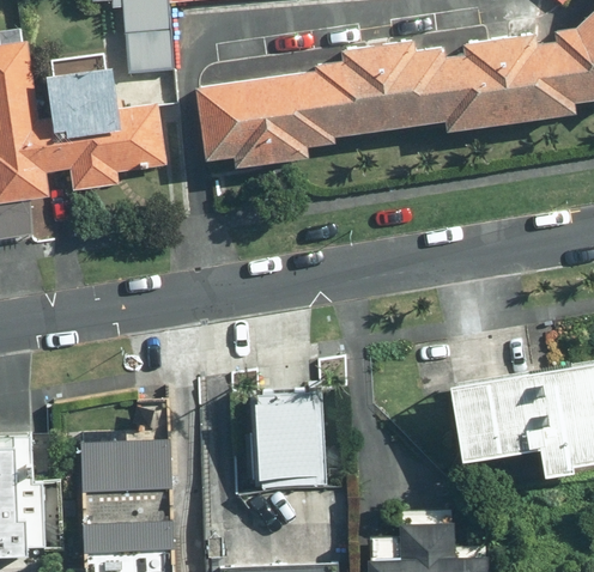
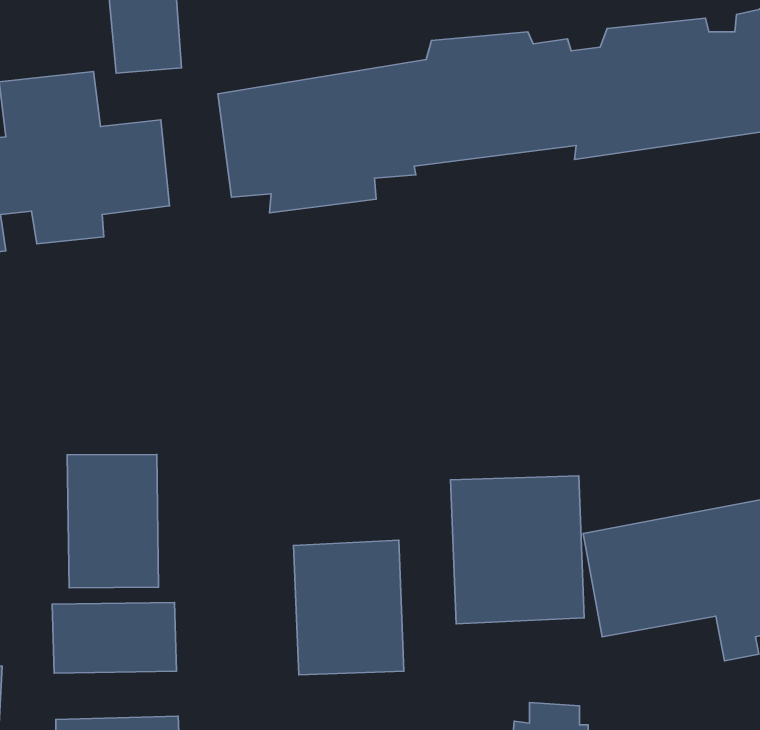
building: none -> [67,454,159,588]
building: none -> [451,476,584,624]

